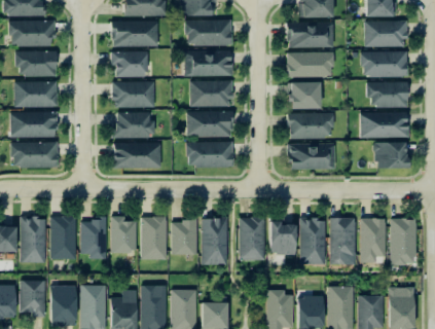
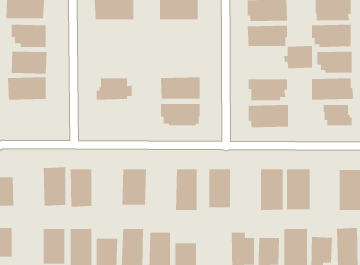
building: [112,50,147,77] -> none
building: [183,50,231,75] -> none
building: [189,80,232,107] -> none
building: [113,82,153,108] -> none
building: [285,82,319,109] -> [283,46,313,69]
building: [11,141,58,169] -> none
building: [111,142,160,169] -> none
building: [22,215,48,262] -> none
building: [113,216,139,254] -> none
building: [174,217,201,255] -> none
building: [362,218,390,262] -> none
building: [271,220,298,257] -> none
building: [22,280,46,316] -> none

